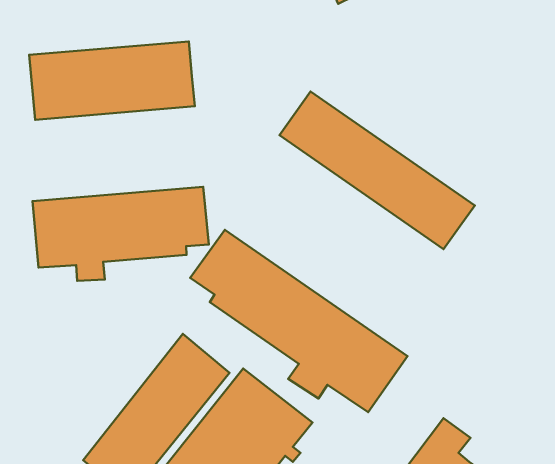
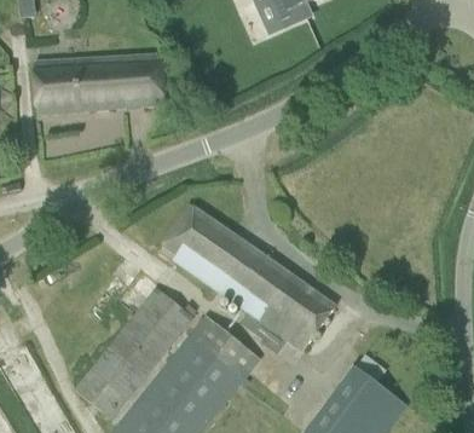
building: [279,91,475,249] -> none
building: [32,187,209,281] -> none

